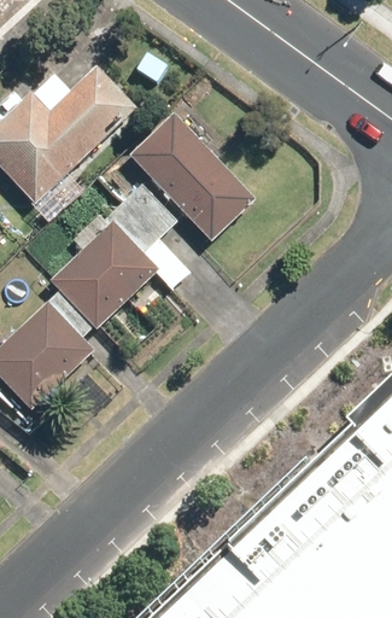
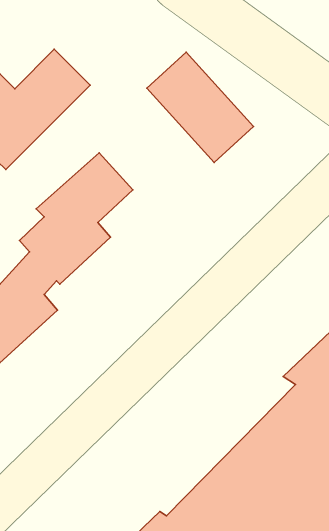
building: [138,118,252,237] -> [147,52,253,162]

